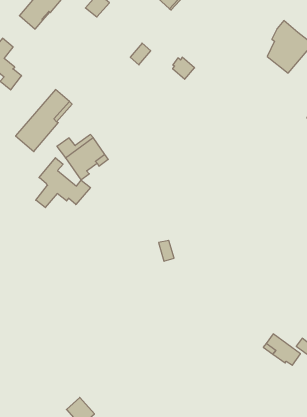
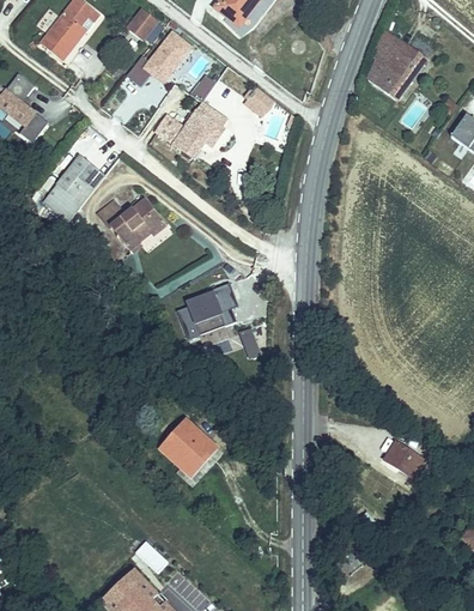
building: none -> [126,32,190,86]
building: none -> [154,102,227,158]
building: [36,158,90,208] -> none
building: none -> [183,283,236,333]
building: none -> [164,424,212,472]

